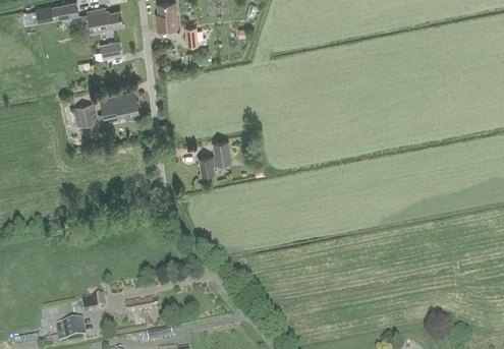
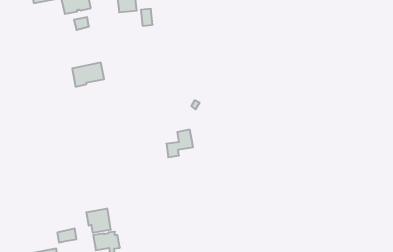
building: [71,103,96,133] -> none
building: [199,140,231,174] -> [166,130,193,157]
building: none -> [87,208,111,233]

